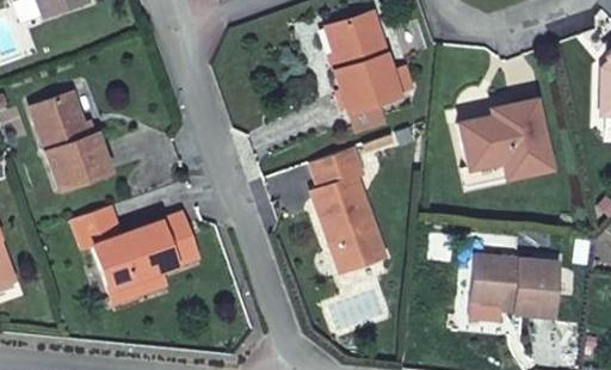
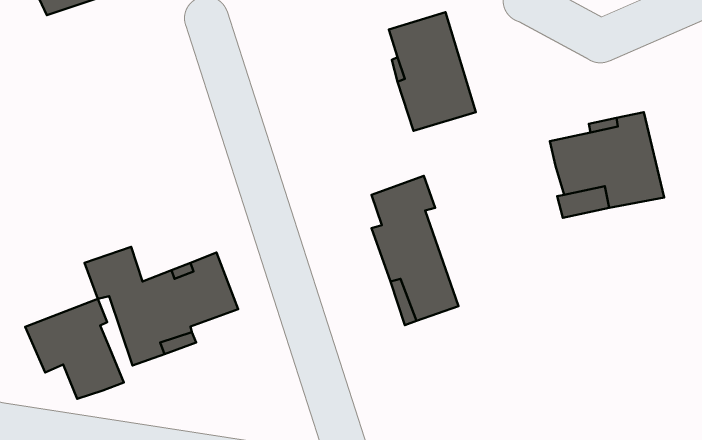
building: [33,93,111,189] -> none
building: none -> [25,299,124,399]
building: [470,253,557,315] -> none

